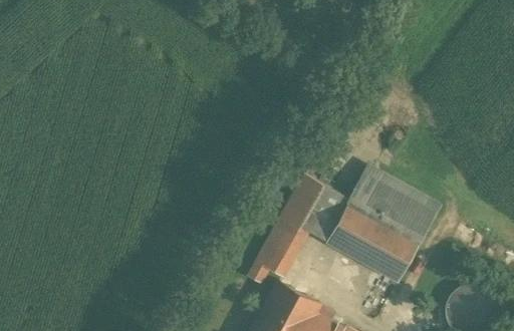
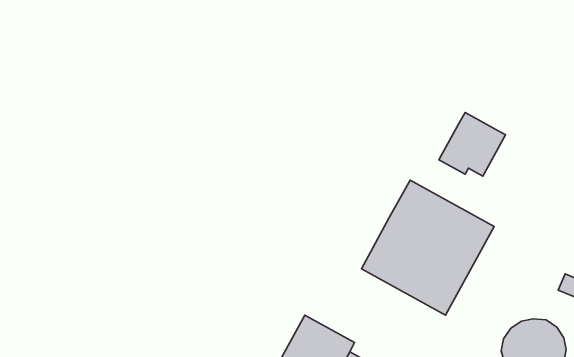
building: none -> [439,112,506,176]
building: [248,175,349,283] -> none

